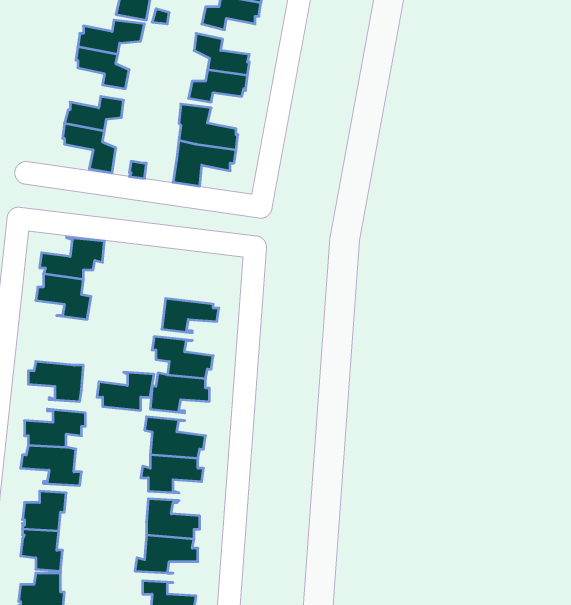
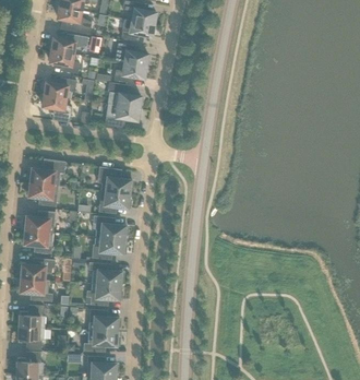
building: none -> [97,167,133,198]
building: [97,372,154,410] -> [23,211,56,233]

